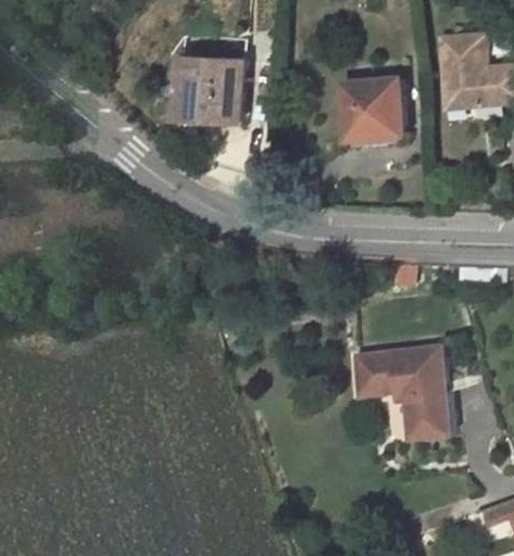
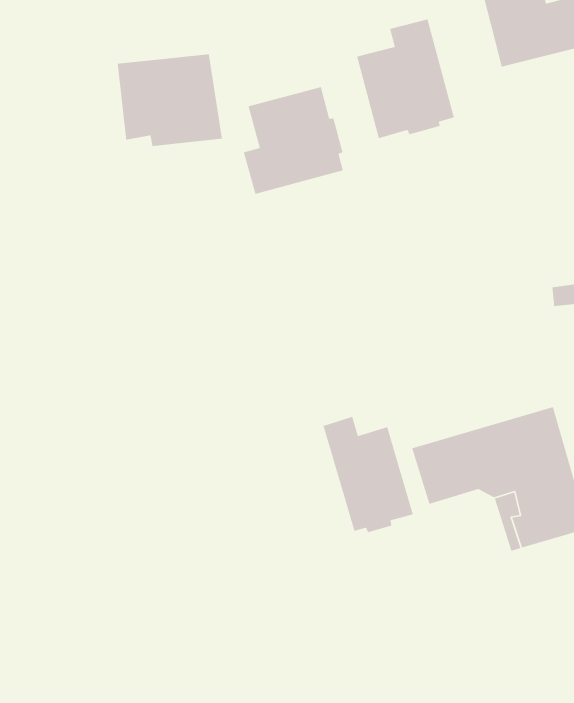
building: none -> [243,86,344,195]
building: none -> [323,416,414,533]

